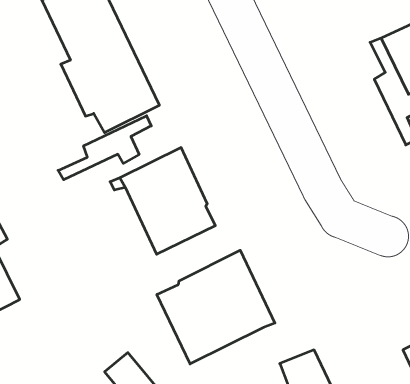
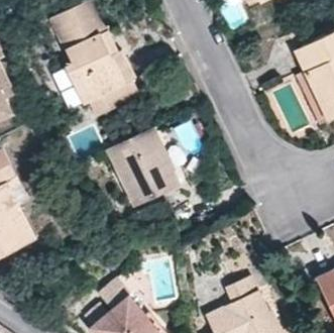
building: [58,116,151,180] -> none
building: [157,250,275,364] -> none

